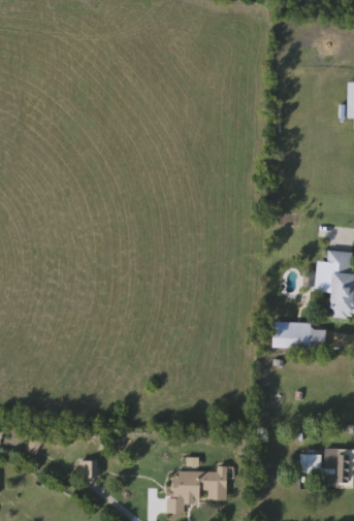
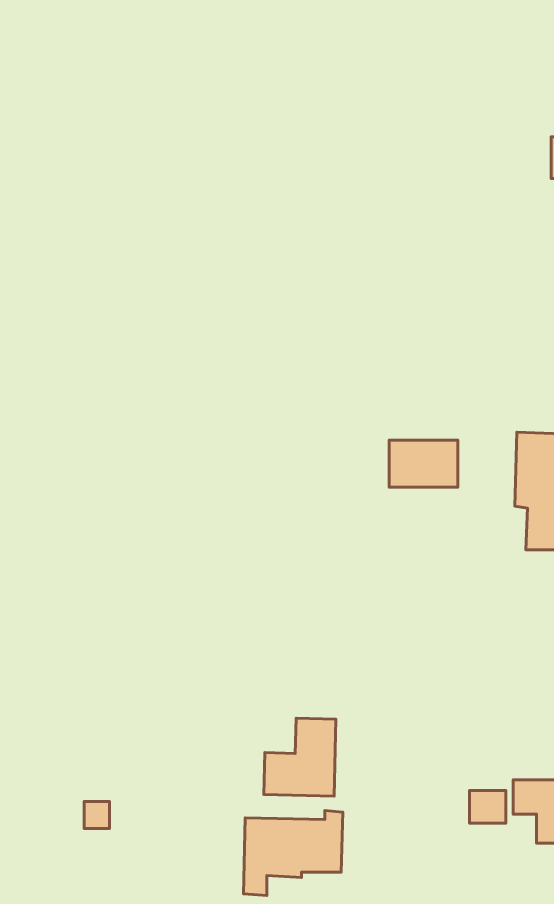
building: [271,322,311,349] -> [389,440,458,487]
building: none -> [264,718,336,796]

